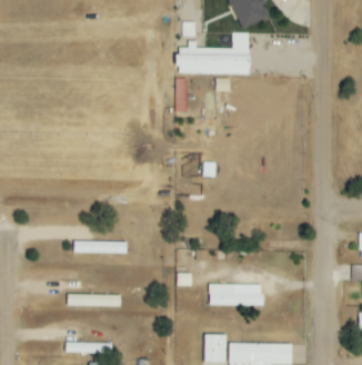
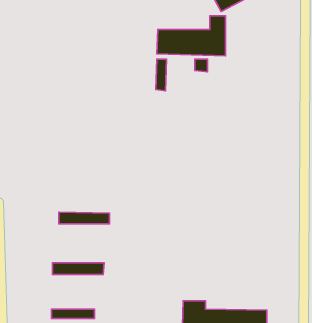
building: [209,283,262,306] -> none

